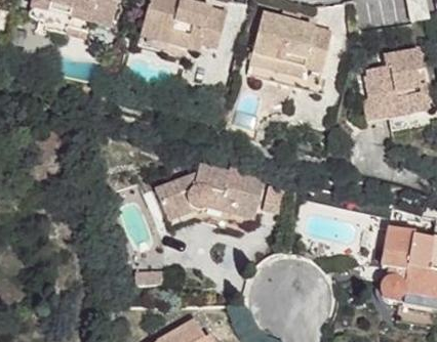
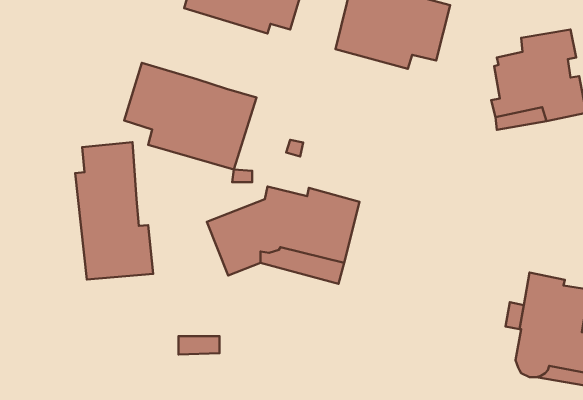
building: none -> [124,63,257,169]
building: none -> [75,142,153,279]

